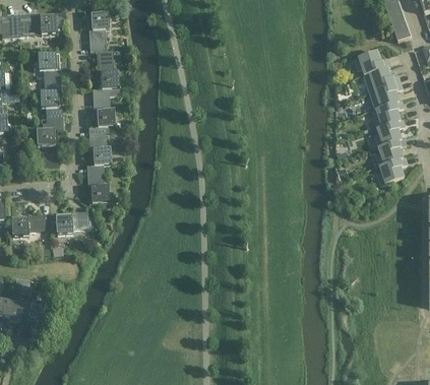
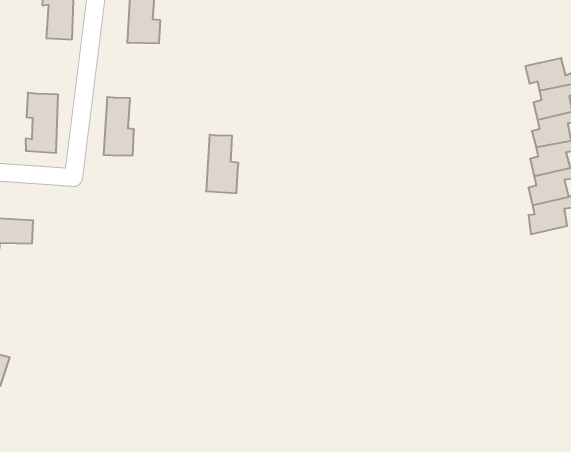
building: [353,51,388,75] -> none
building: [91,87,119,127] -> none
building: [40,91,63,130] -> none
building: [86,165,109,203] -> [206,135,238,193]
building: [49,211,88,234] -> none

